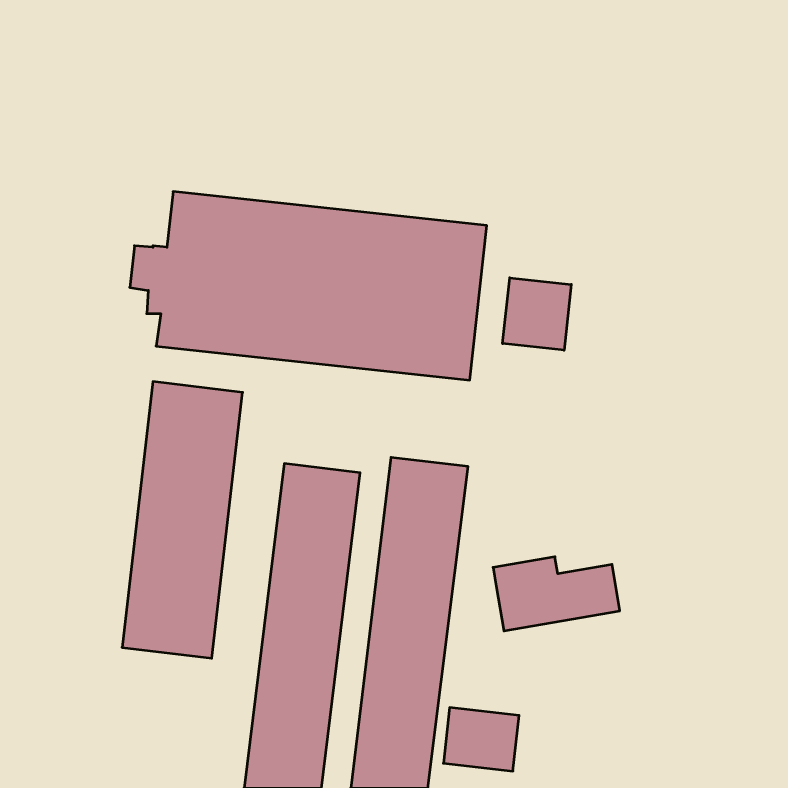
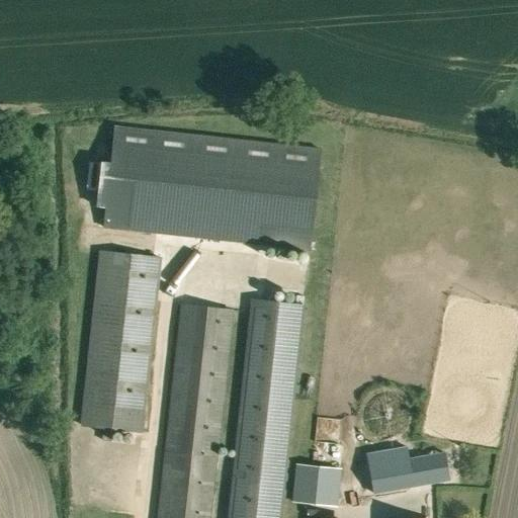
building: [503,278,571,350] -> none
building: [493,557,620,631] -> [366,445,449,494]

